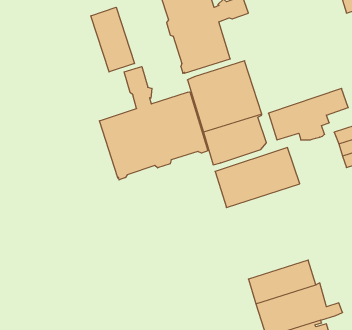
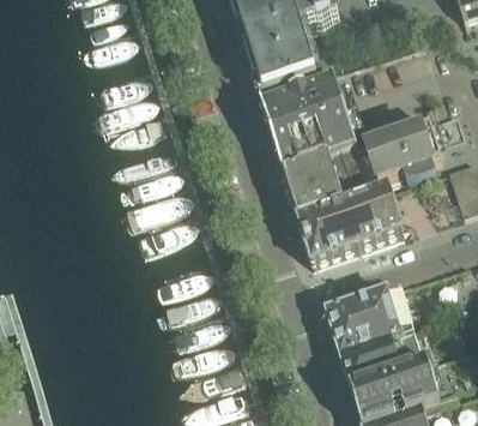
building: [91,7,134,72] -> none
building: [99,67,208,180] -> none
building: none -> [326,286,416,355]

